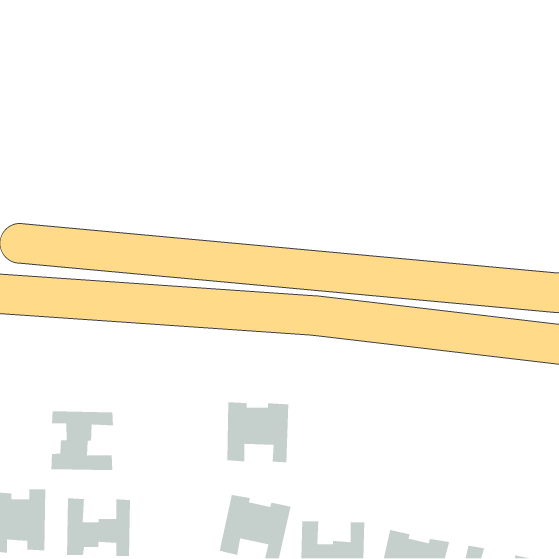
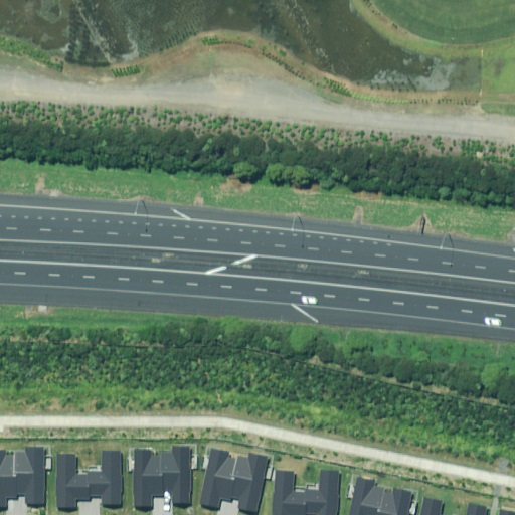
building: [227,401,289,463] -> [133,451,190,507]
building: [51,411,114,471] -> none

